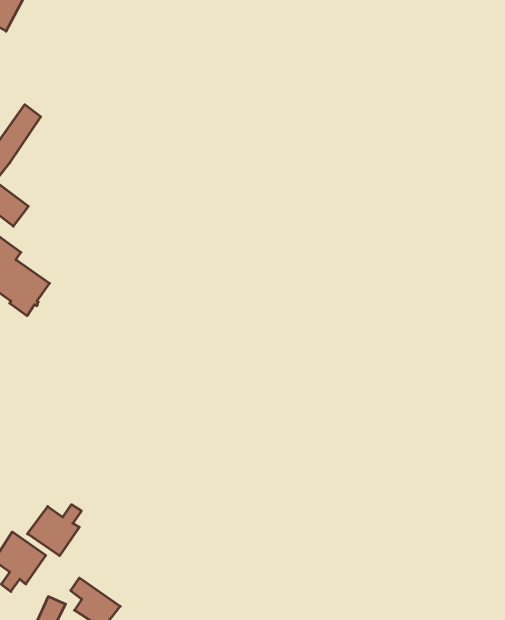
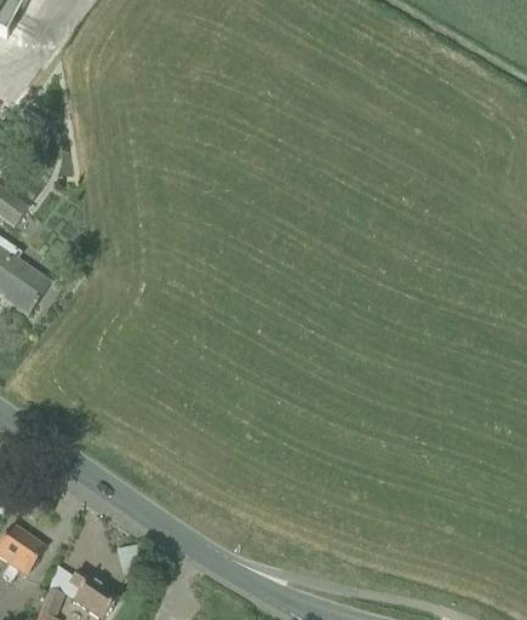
building: [27,505,81,556] -> none

